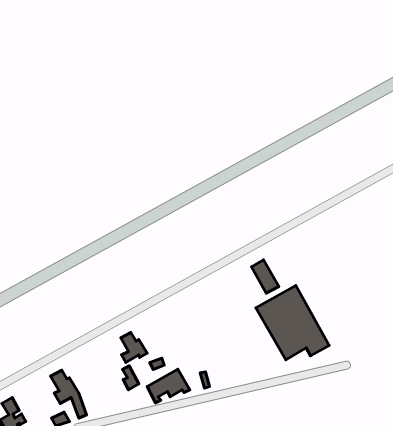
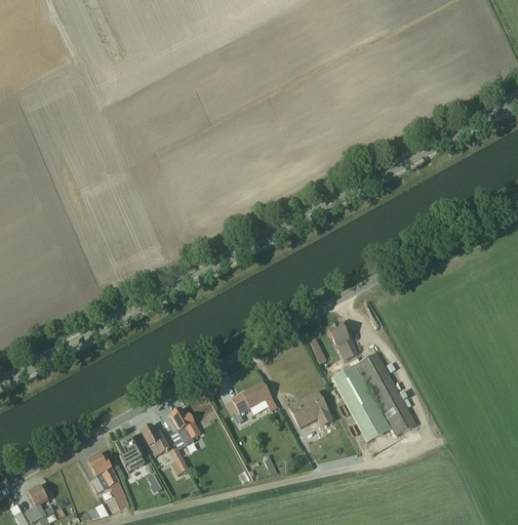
building: none -> [287,389,333,428]
building: none -> [140,423,170,454]
building: none -> [115,437,145,474]
building: [147,369,190,403] -> [226,382,277,422]

